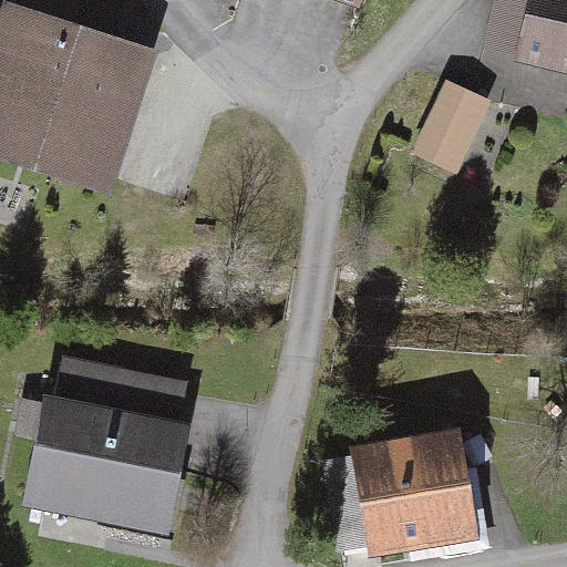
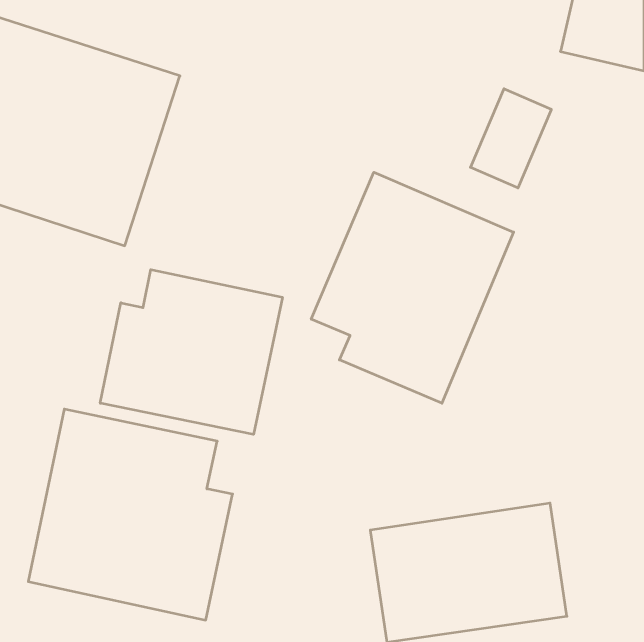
building: none -> [311,172,514,403]
building: none -> [100,270,282,434]

